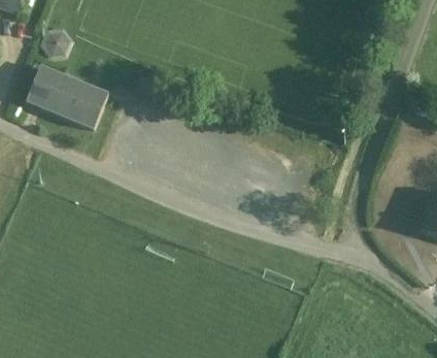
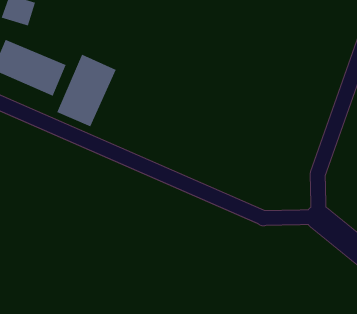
building: none -> [57,54,116,127]

